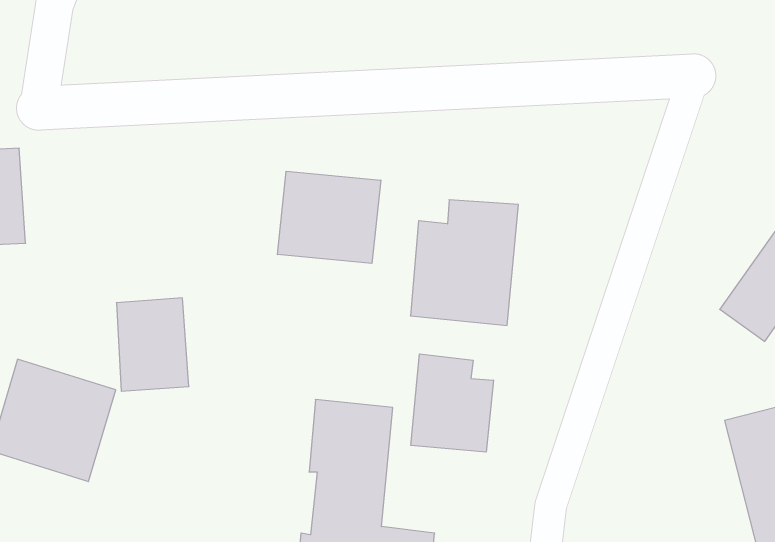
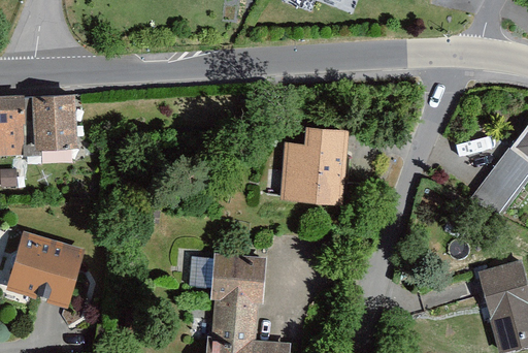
building: [277,171,381,263] -> none
building: [116,298,189,391] -> [30,95,76,155]
building: [411,354,493,452] -> none

